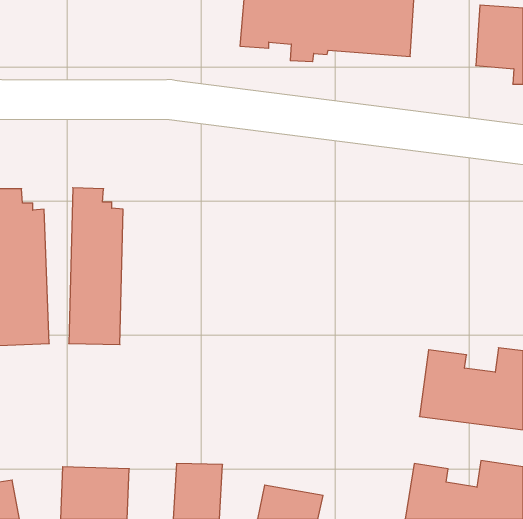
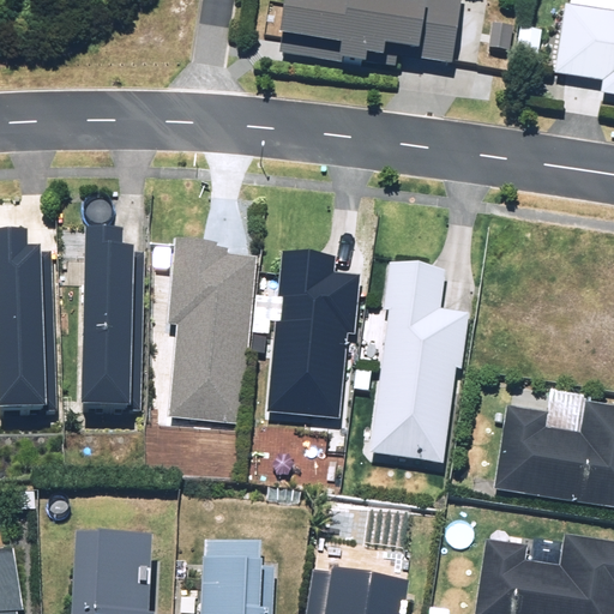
building: none -> [168,231,258,417]
building: none -> [270,257,359,419]
building: none -> [356,261,468,468]

